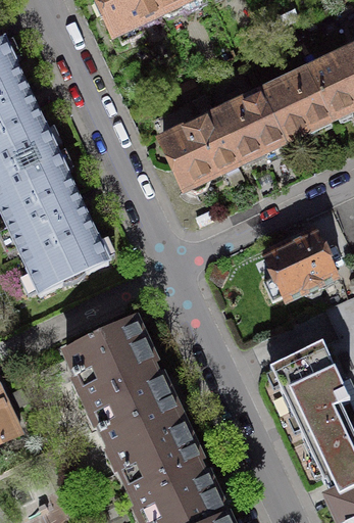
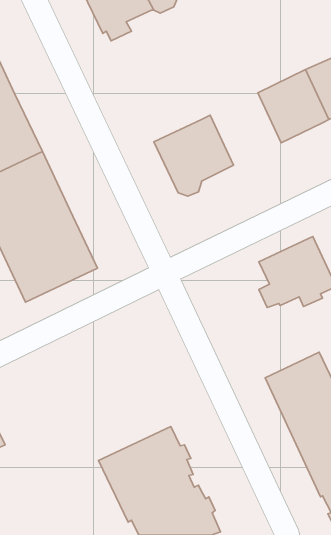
building: [217,90,286,159] -> none
building: [66,317,180,443] -> none

